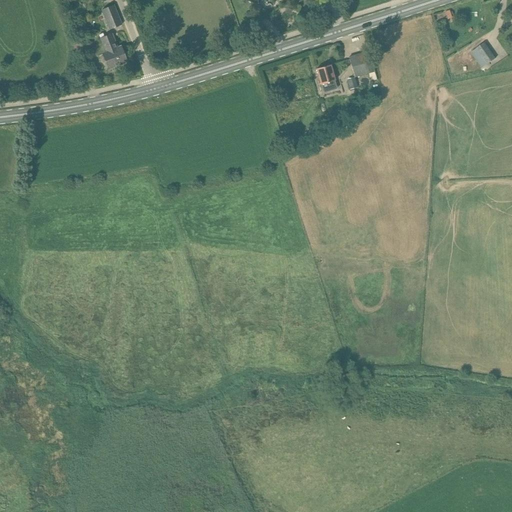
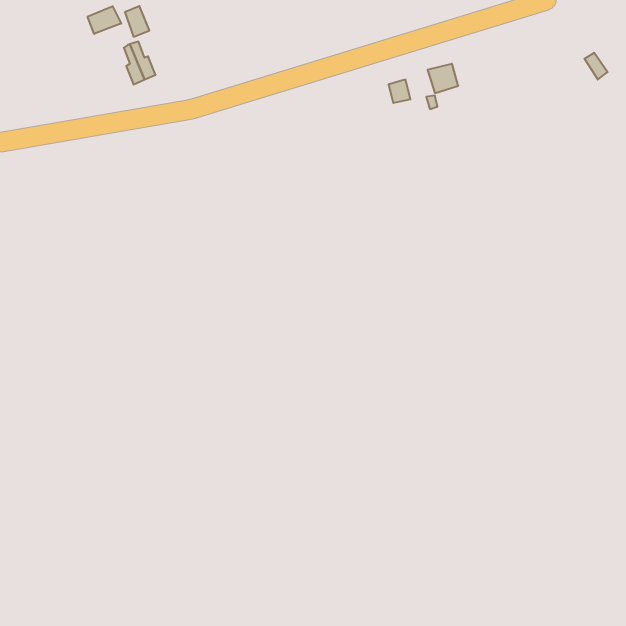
building: none -> [88,6,121,34]

